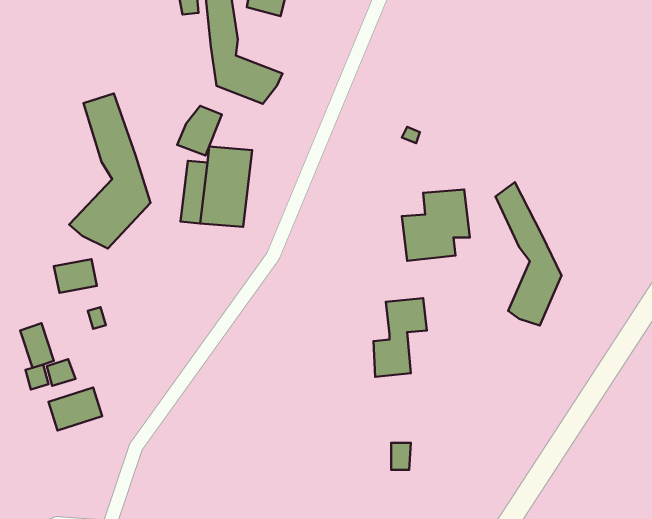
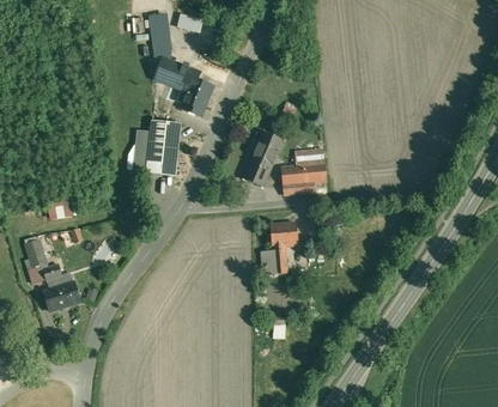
building: [69,94,151,248] -> none
building: [177,106,222,156] -> [182,79,212,113]
building: none -> [243,130,284,186]
building: [495,182,562,326] -> none

